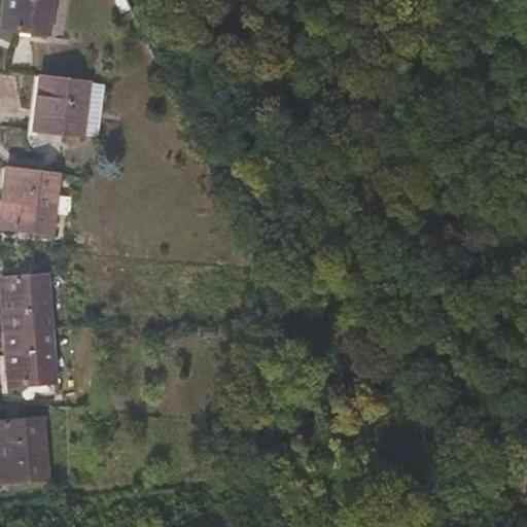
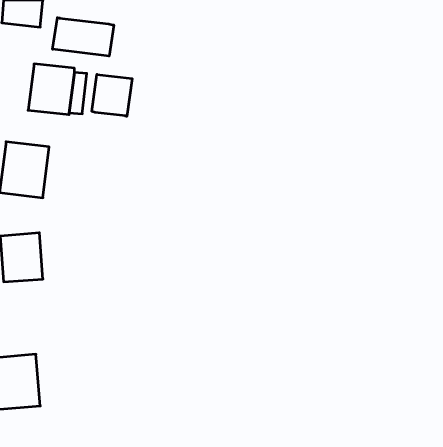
building: none -> [53,18,114,56]
building: none -> [92,74,132,116]
building: [4,328,55,385] -> none

